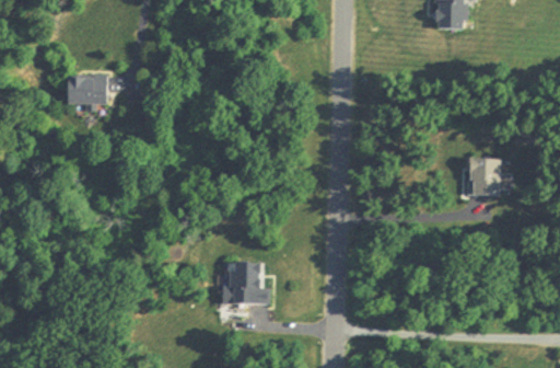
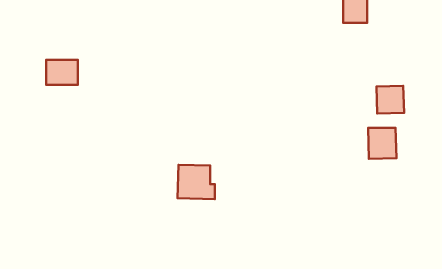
building: none -> [376,86,404,114]
building: [223,263,269,306] -> [178,165,215,199]

